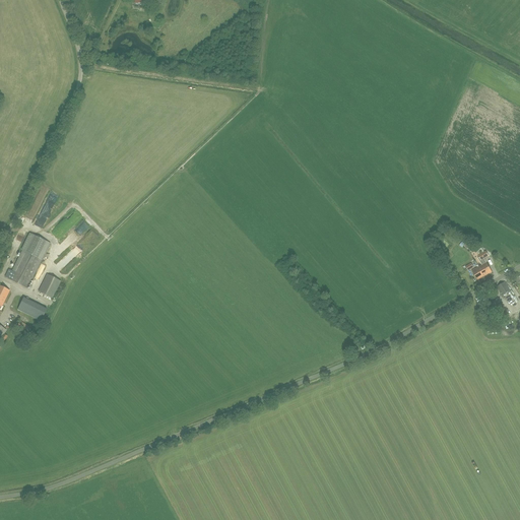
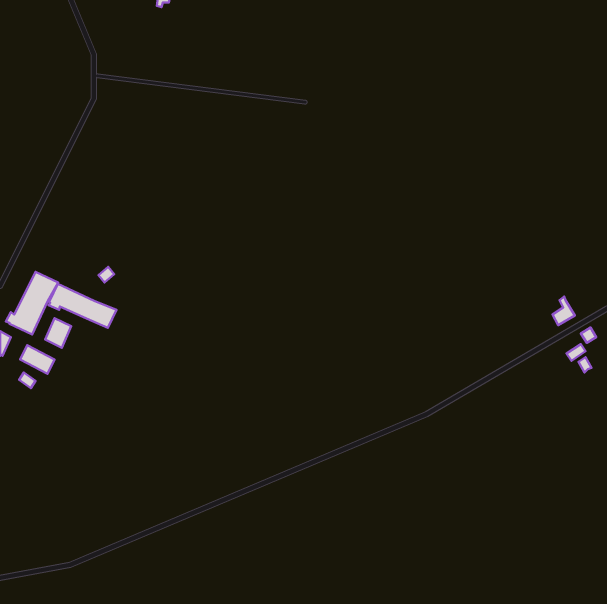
building: none -> [48,284,117,328]

